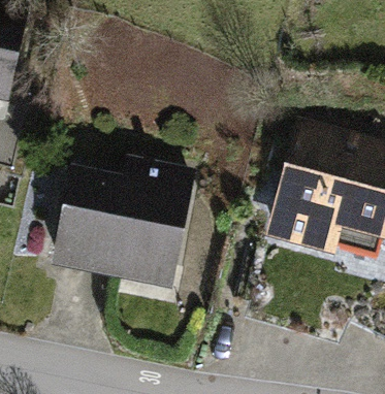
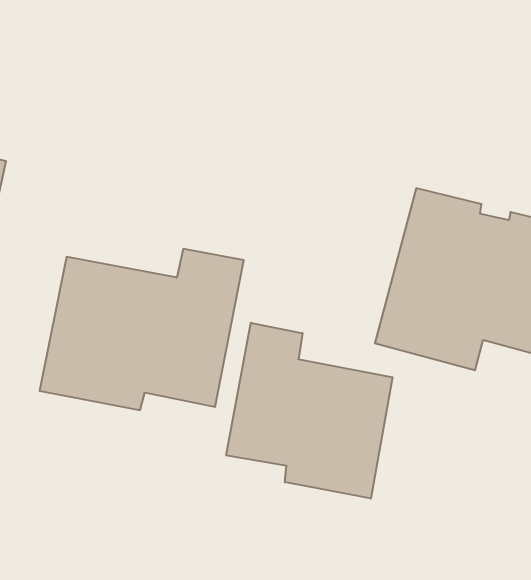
building: none -> [226,323,392,499]

